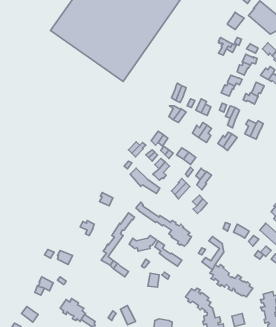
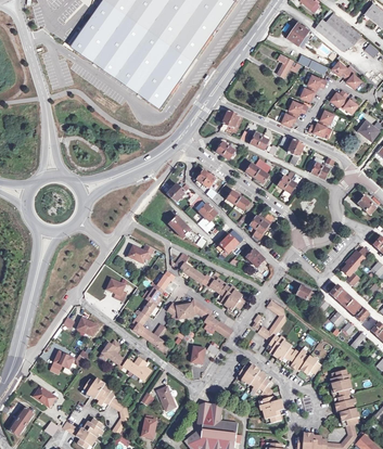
building: none -> [98,342,150,381]

